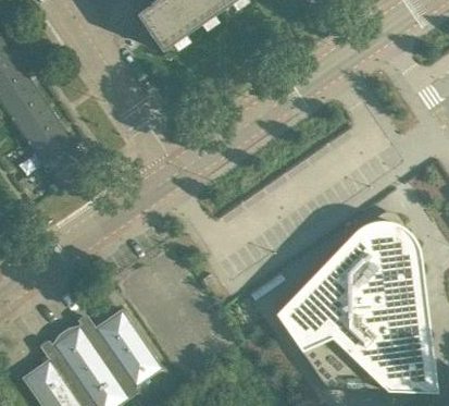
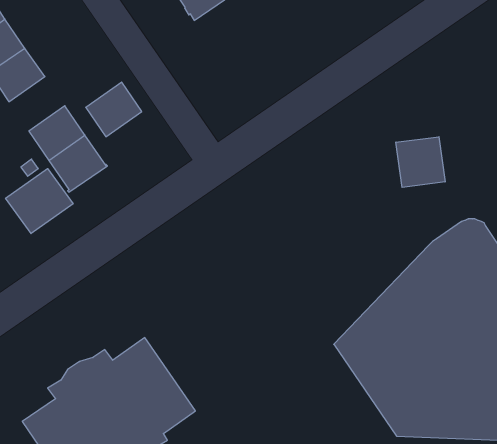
building: [10,94,55,138] -> [86,82,142,137]
building: none -> [396,137,445,187]
building: none -> [6,169,73,234]

